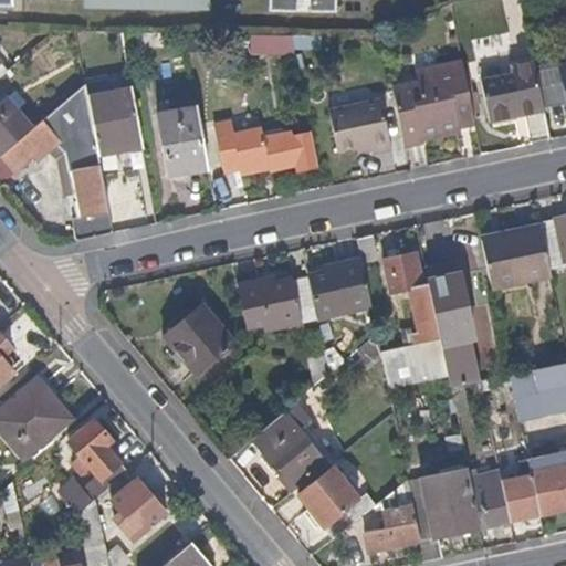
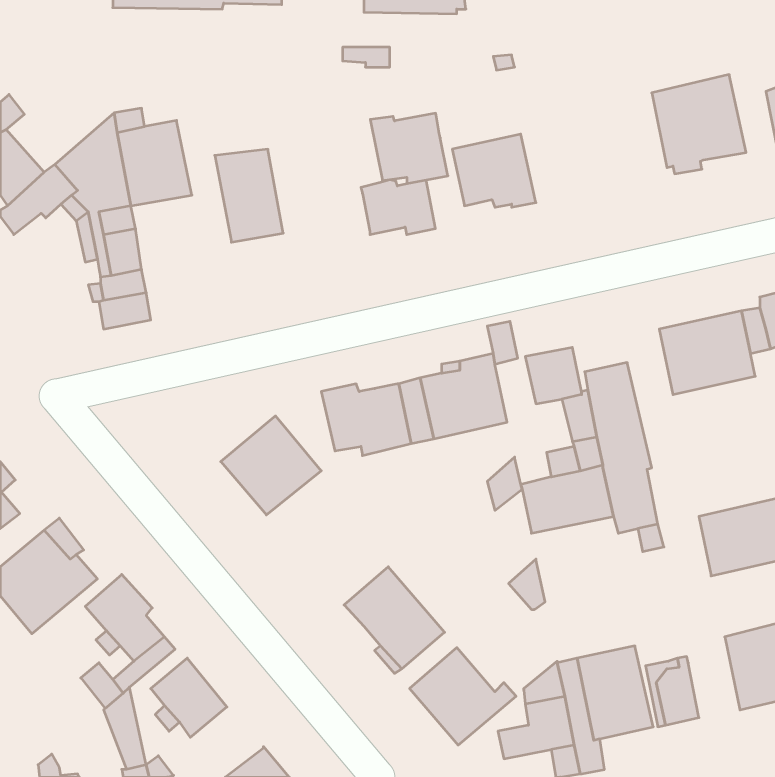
building: [390,57,475,145] -> none
building: [214,123,271,174] -> [370,113,448,183]
building: [502,462,539,521] -> none

